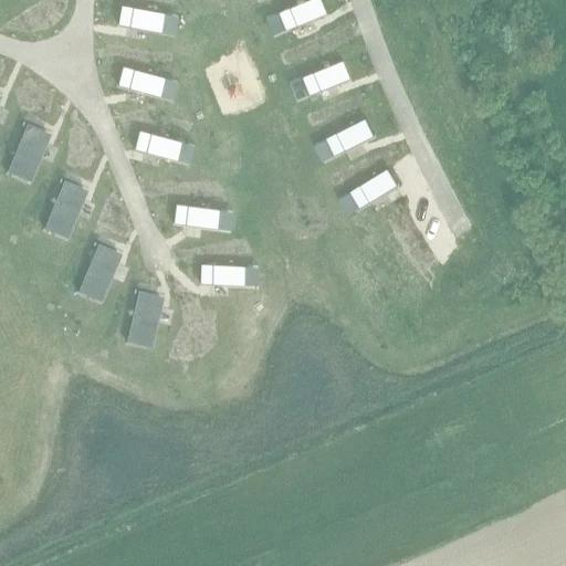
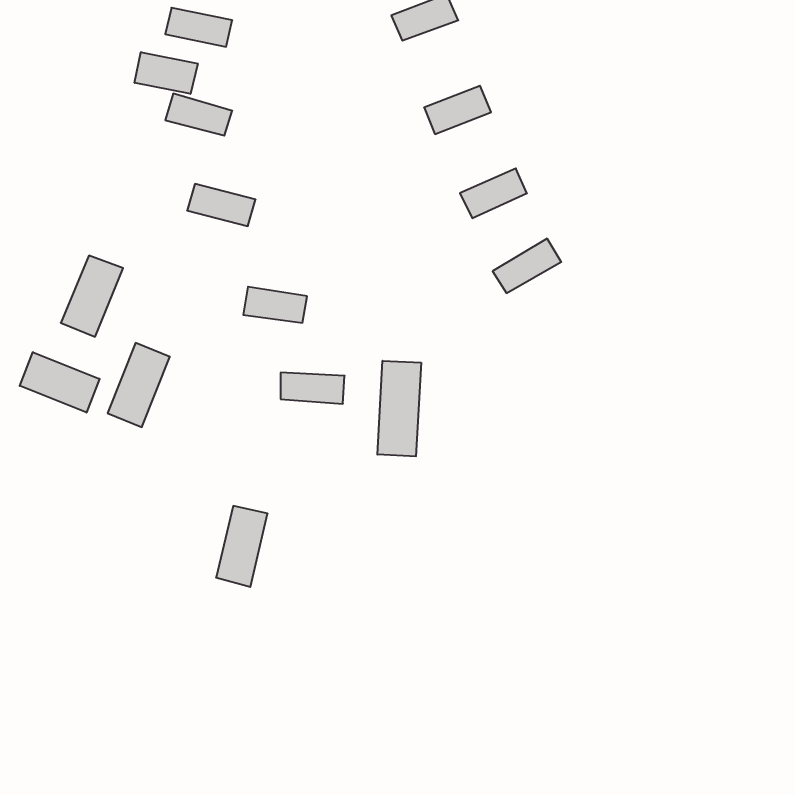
building: none -> [135,52,198,94]
building: [7,124,51,181] -> none
building: none -> [20,352,100,413]
building: none -> [377,361,421,456]
building: [127,291,164,348] -> [216,506,268,587]

